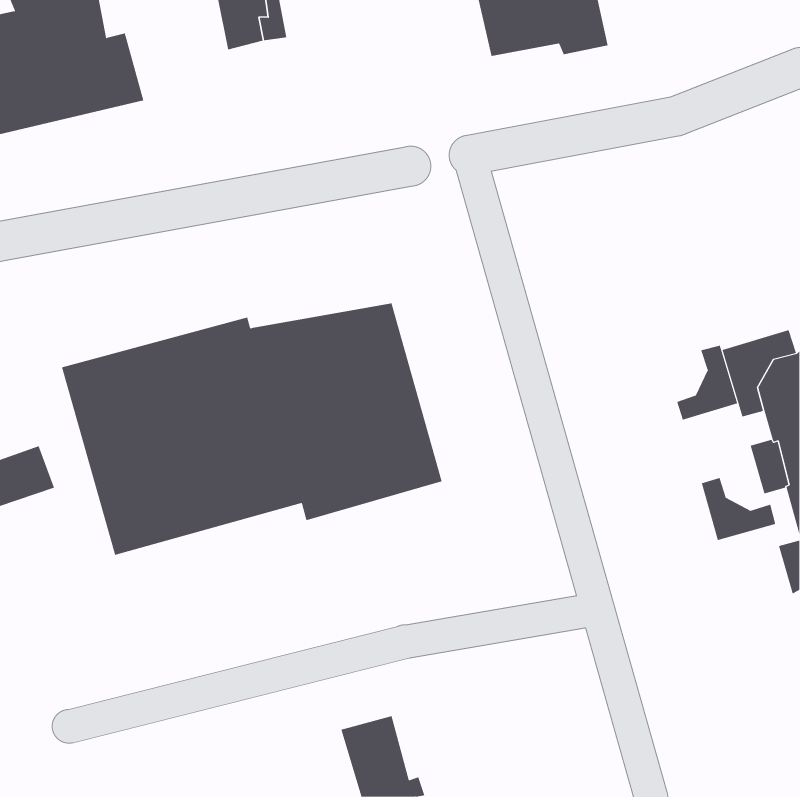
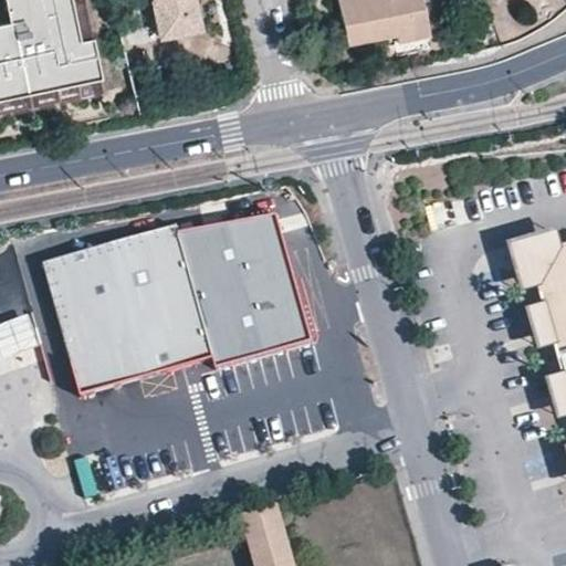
building: [676,345,738,420] -> none
building: [701,477,776,541] -> none

